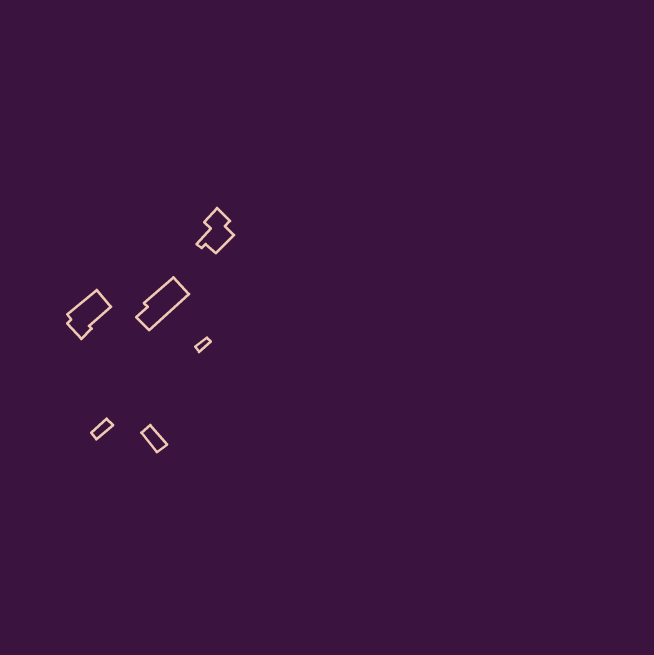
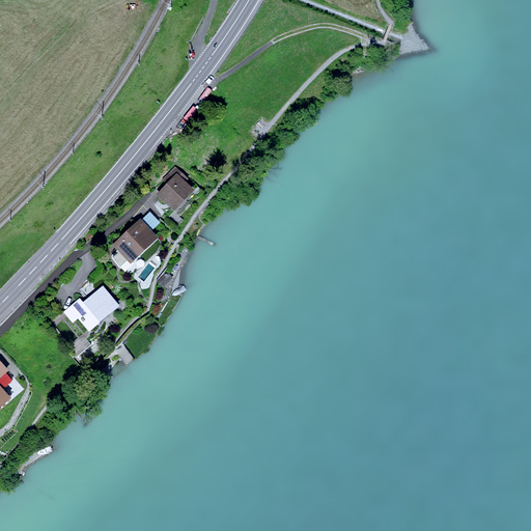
building: [67,290,111,339] -> [80,288,115,328]

